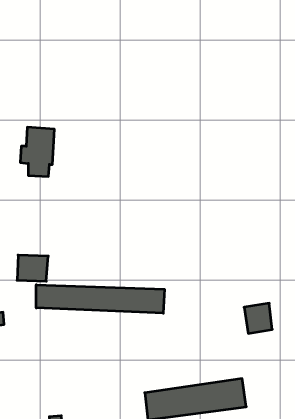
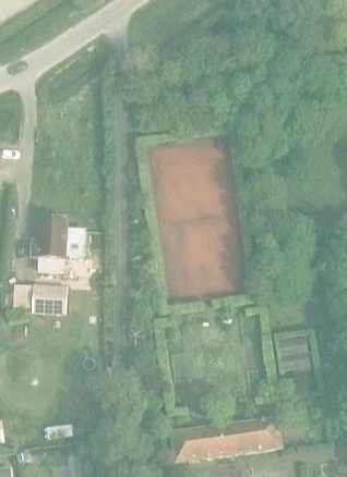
building: [20,127,54,176] -> [29,217,67,270]
building: [36,285,164,313] -> none

